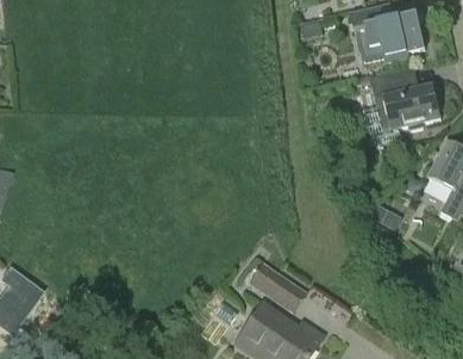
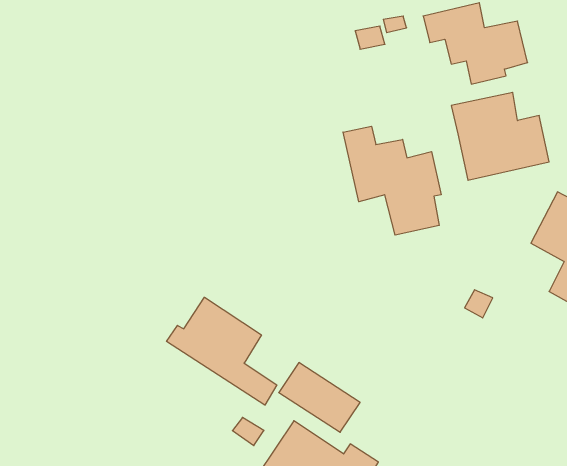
building: none -> [343,126,441,235]
building: none -> [167,297,277,405]

